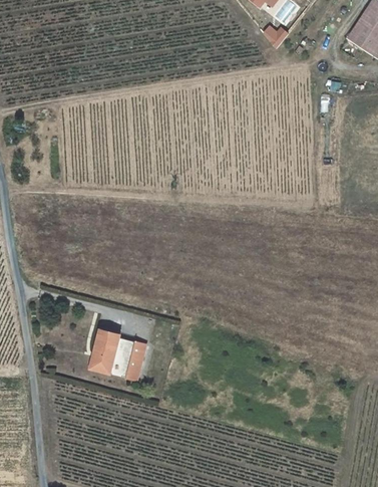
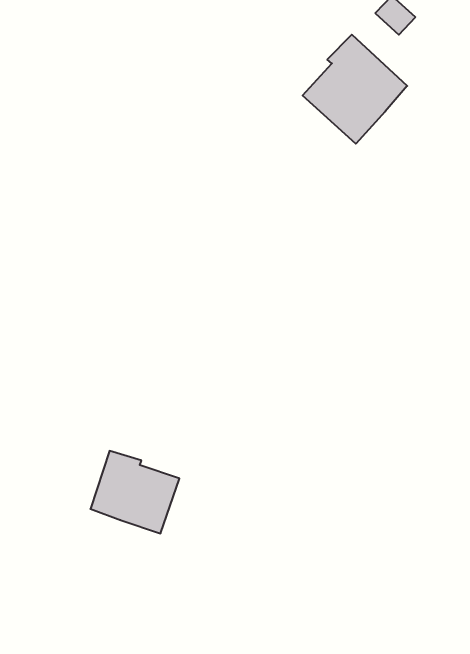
building: none -> [303,35,407,144]

